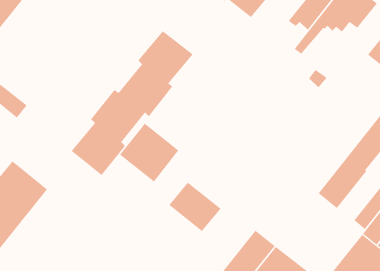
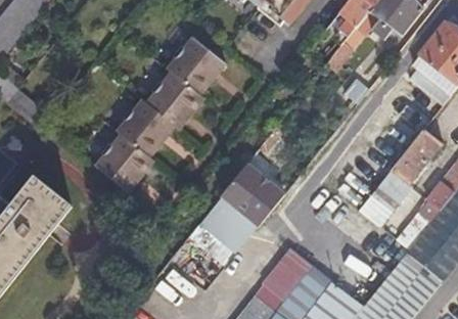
building: [119,123,179,182] -> [221,164,284,227]

